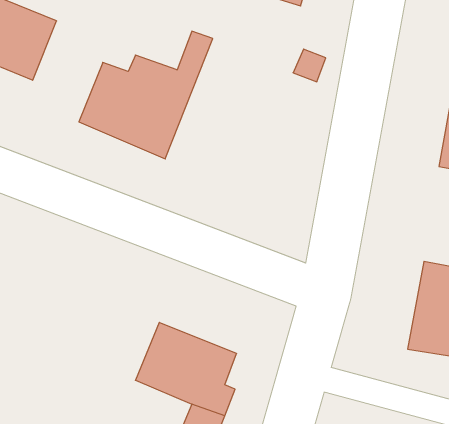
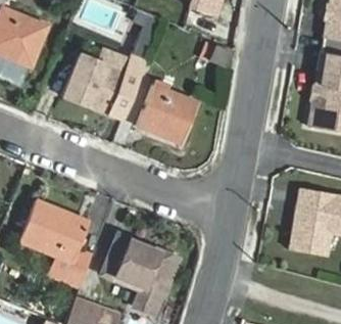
building: none -> [137,83,198,143]
building: none -> [18,198,93,285]

